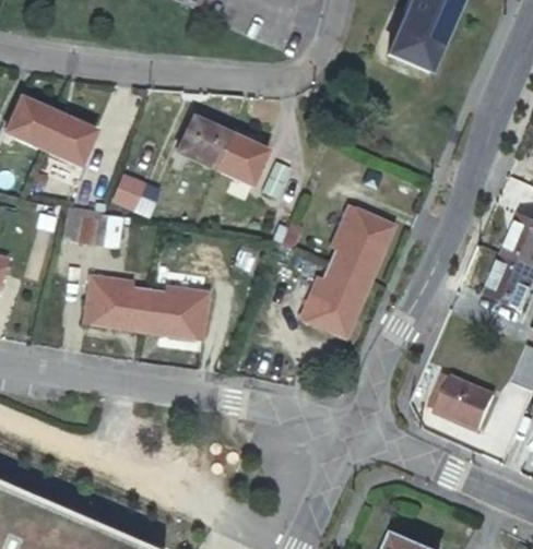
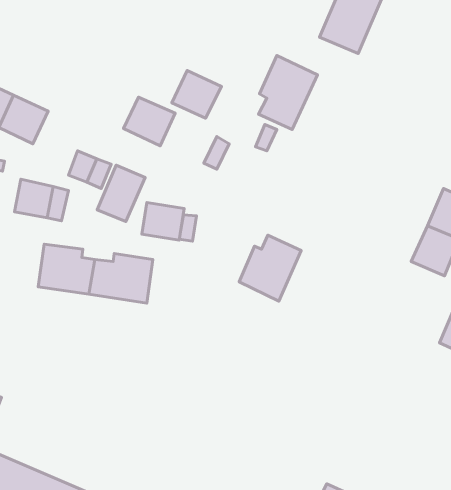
building: [216,134,270,186] -> [172,70,222,118]
building: none -> [97,165,145,221]
building: [332,202,395,282] -> [259,55,318,129]
building: none -> [142,203,184,240]
building: [436,374,494,428] -> none

